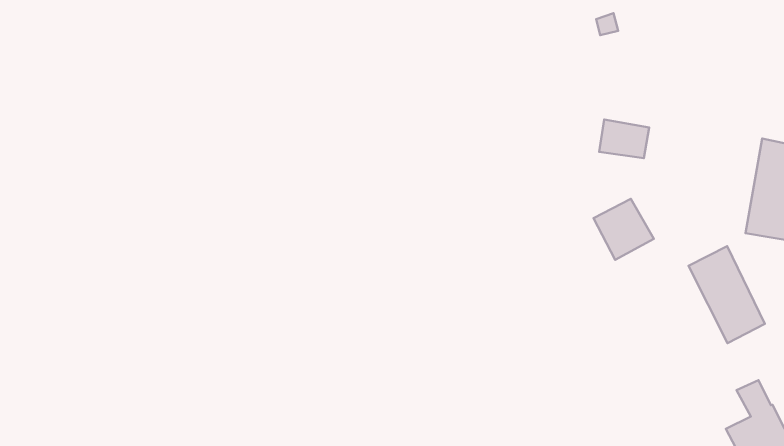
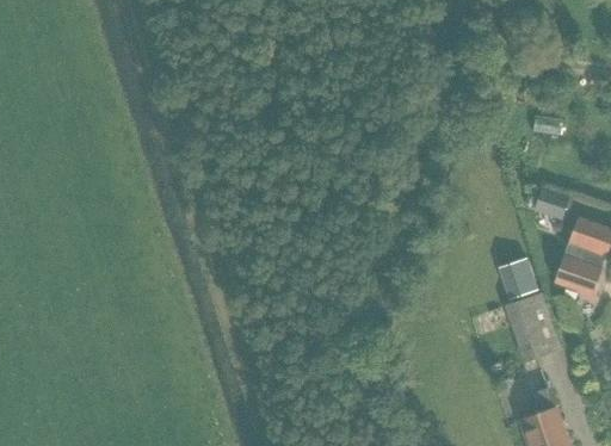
building: [599,119,649,158] -> [530,187,568,219]
building: [594,199,654,260] -> [498,256,538,298]

